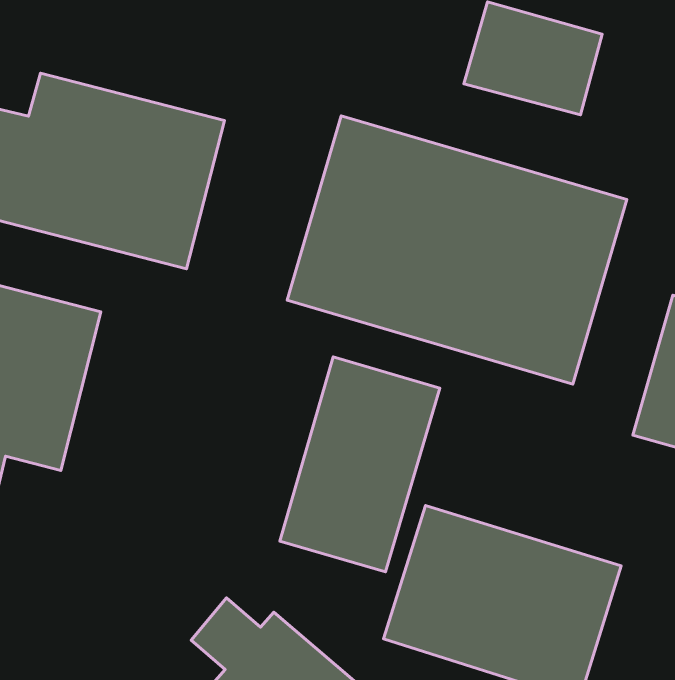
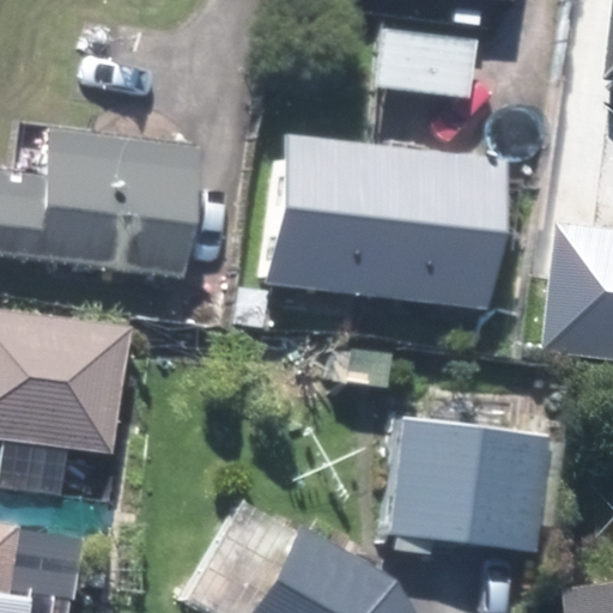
building: [280,357,440,572] -> none

